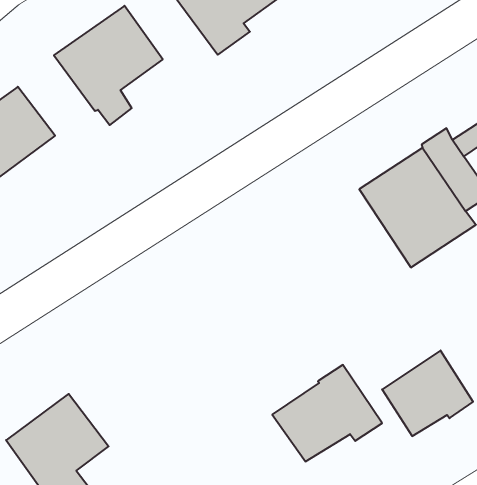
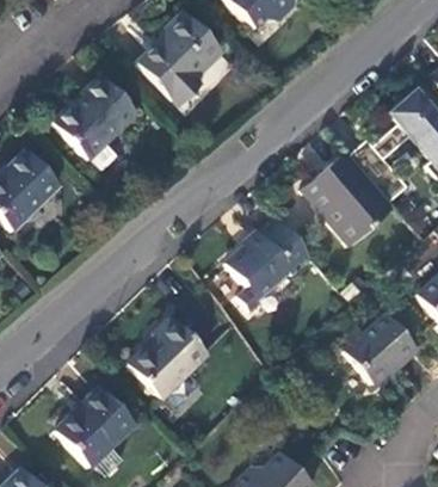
building: none -> [128,314,208,396]
building: [272,365,382,461] -> [226,216,313,296]

